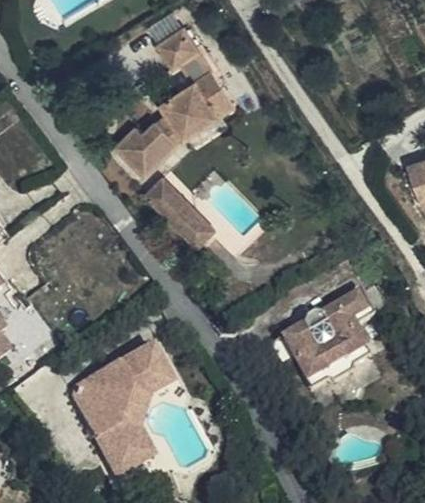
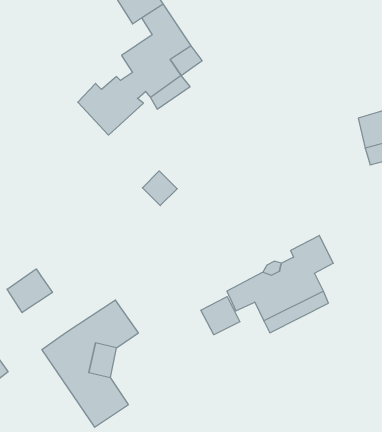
building: [146,183,196,234] -> none
building: none -> [7,269,52,313]
building: none -> [201,297,240,335]

